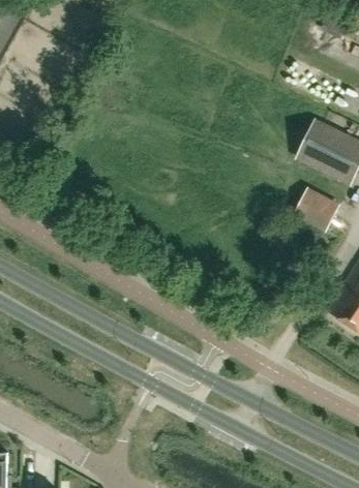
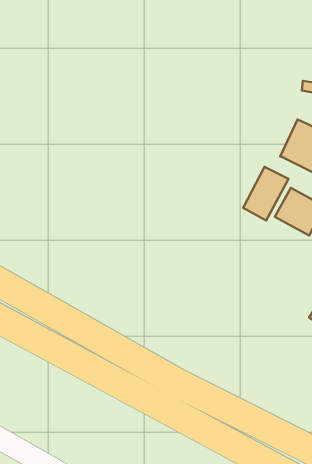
building: none -> [243,167,288,221]

